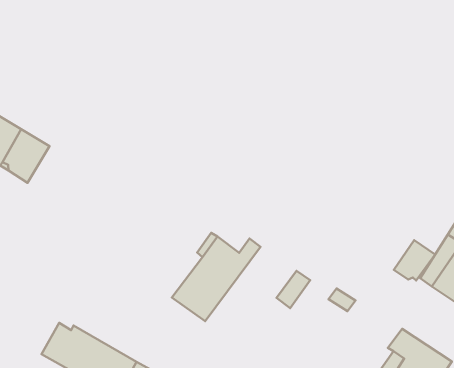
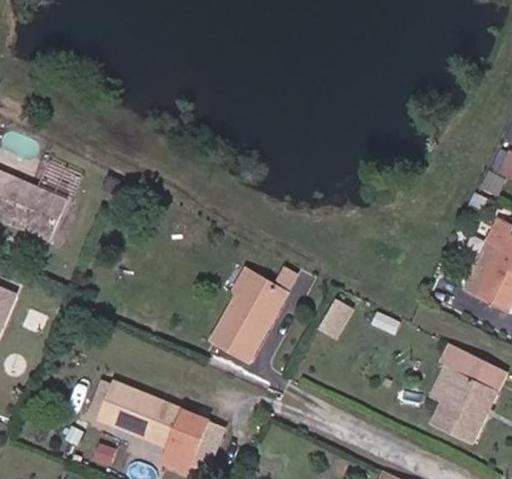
building: [394,240,435,280] -> none

